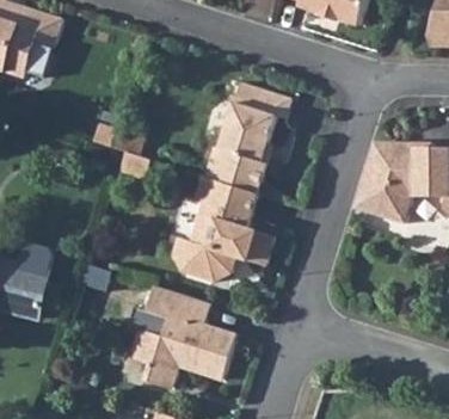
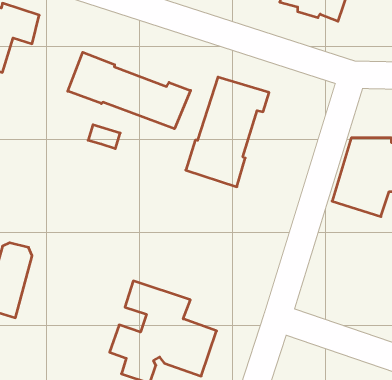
building: none -> [68,52,191,129]
building: [174,174,276,282] -> none

